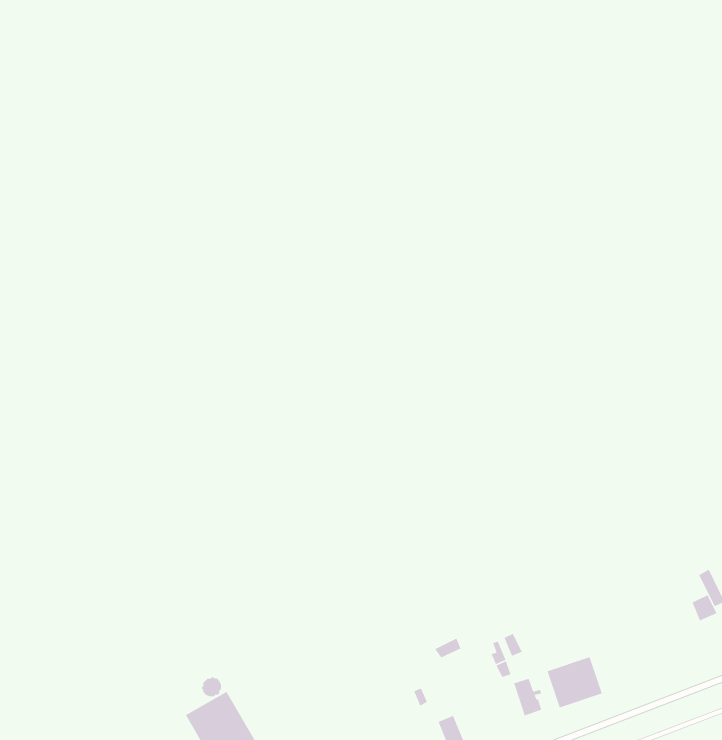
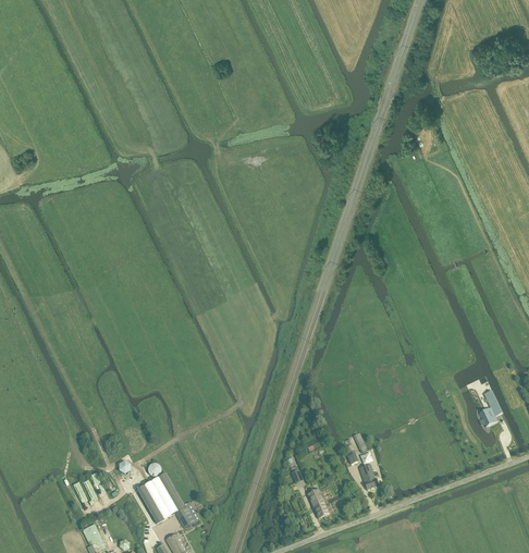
building: [546,656,603,708] -> none

